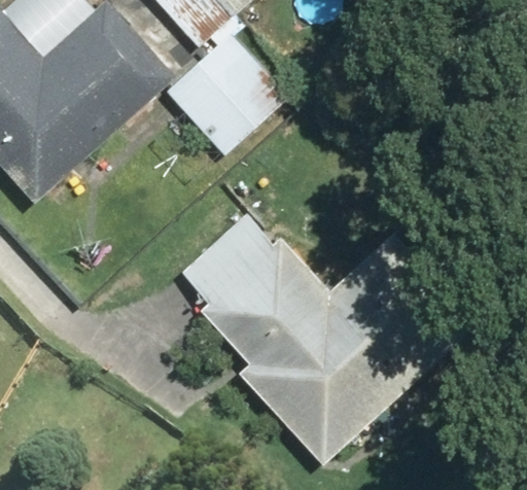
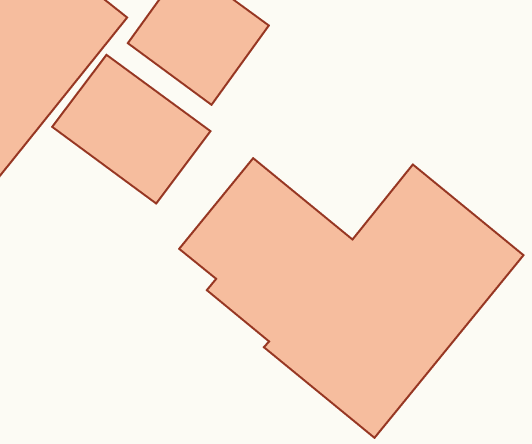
building: none -> [52,55,210,203]

